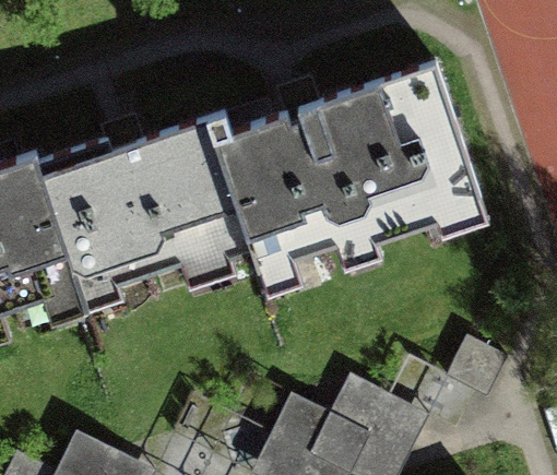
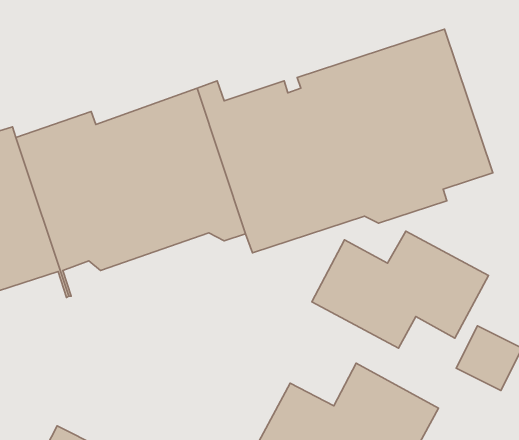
building: none -> [312,231,489,348]

